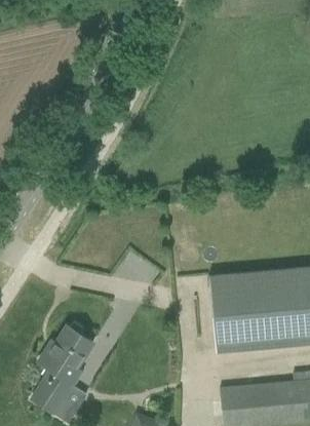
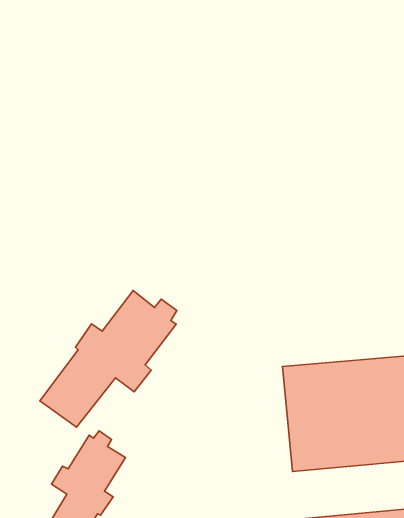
building: none -> [40,291,177,427]

